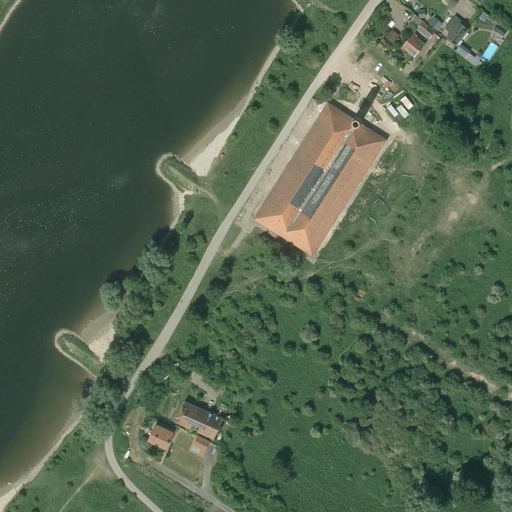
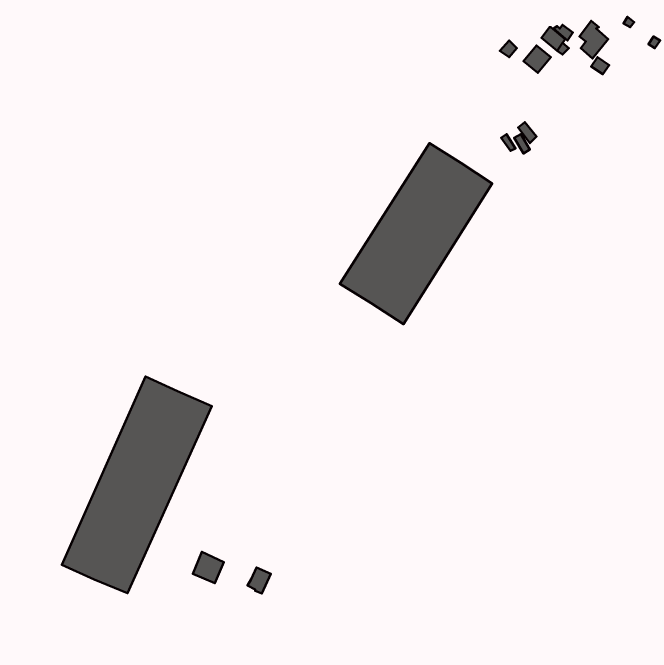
building: none -> [62,376,212,593]
building: [175,401,222,438] -> none

